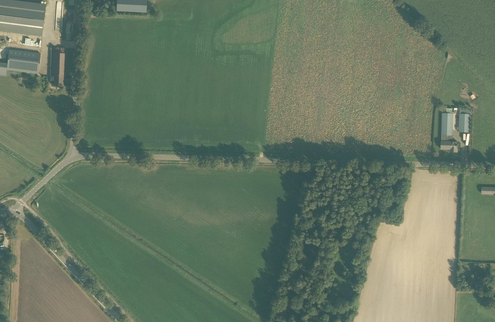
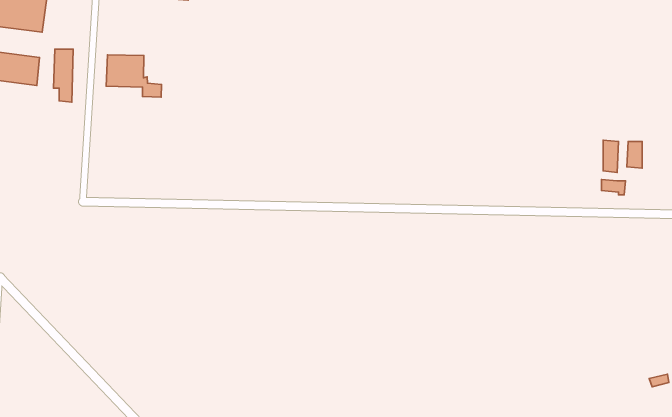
building: none -> [106,55,162,97]

